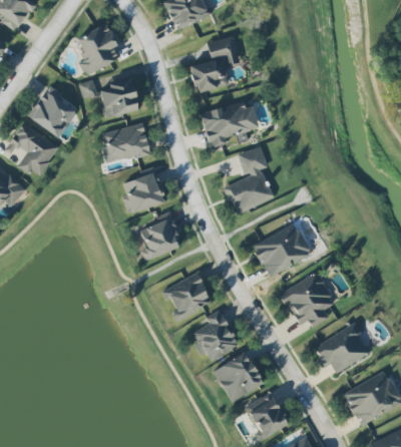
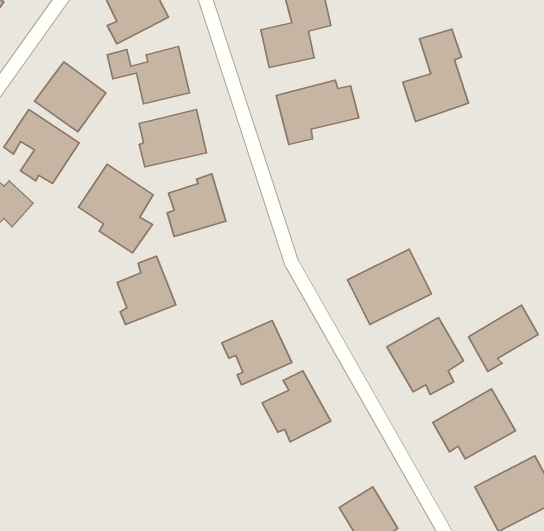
building: [226,146,273,212] -> [403,29,468,121]
building: none -> [78,164,153,253]
building: [140,210,182,260] -> [117,256,176,324]
building: none -> [468,305,538,371]
building: [214,352,263,401] -> none

